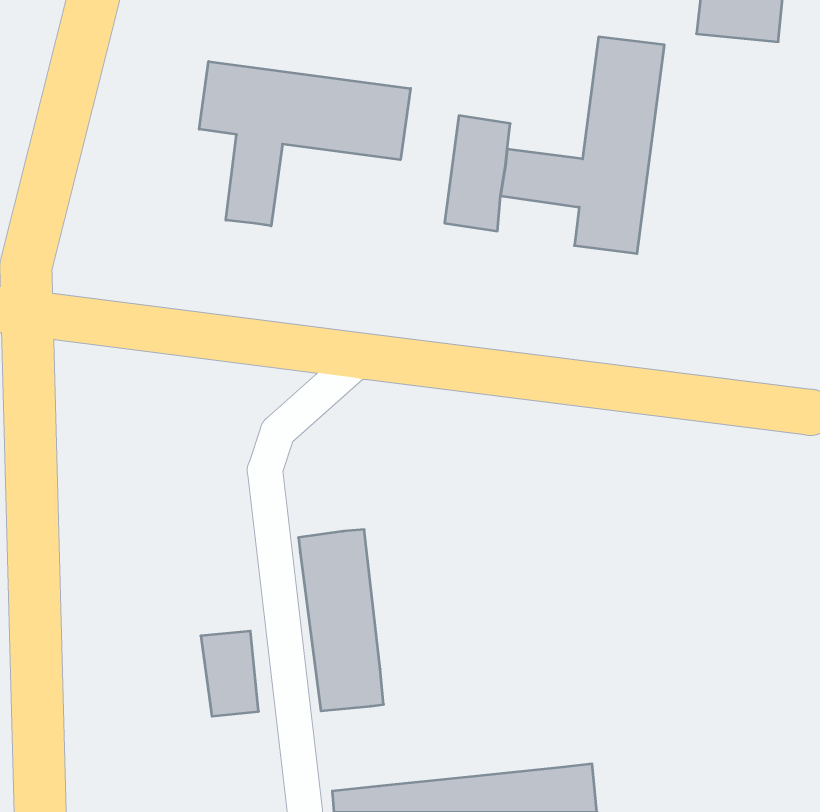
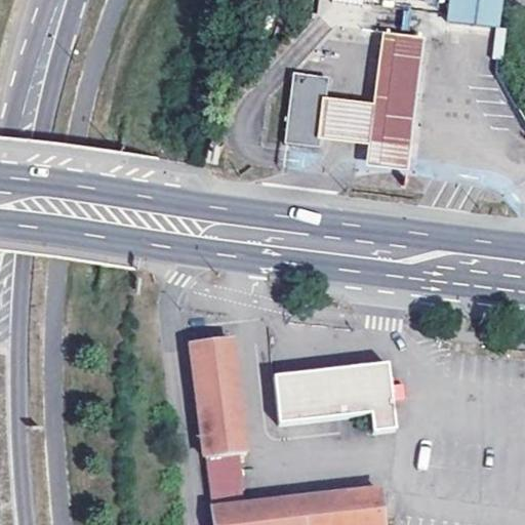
building: [199,61,411,226] -> none
building: none -> [272,362,394,431]
building: [201,631,259,716] -> [205,451,242,506]

